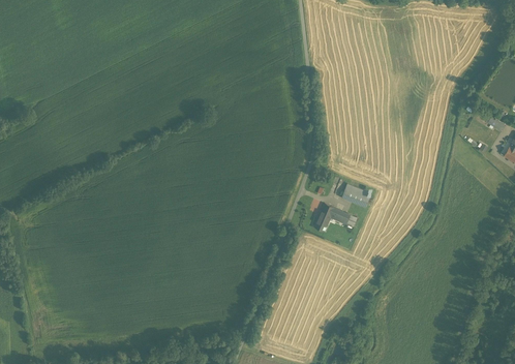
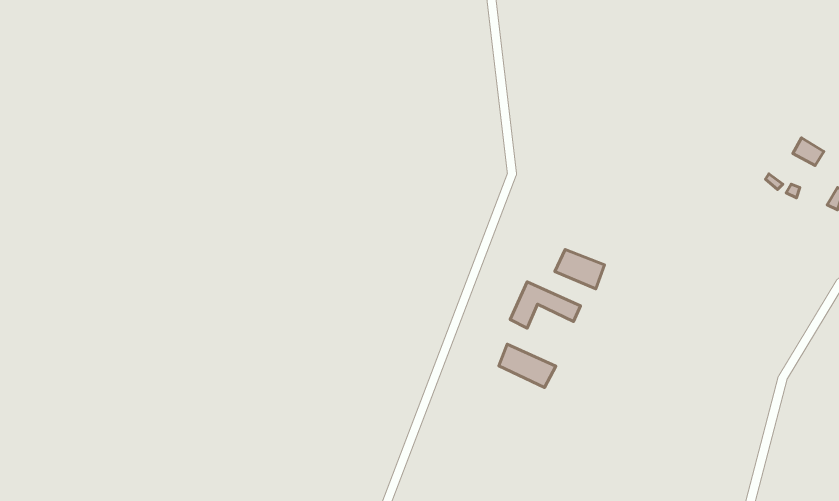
building: none -> [499,344,556,388]

